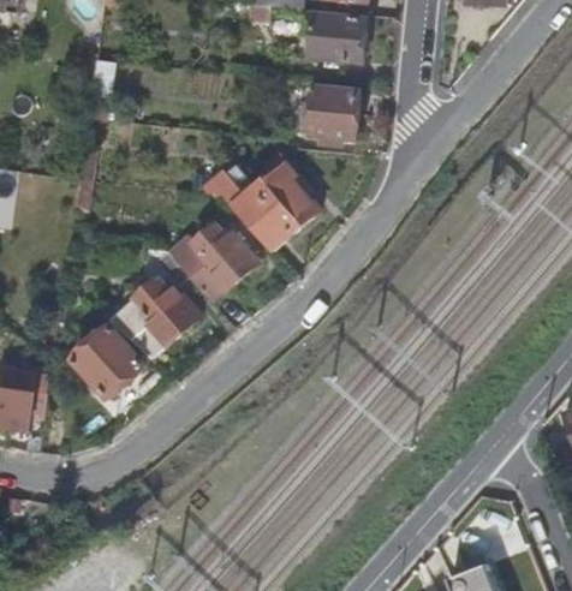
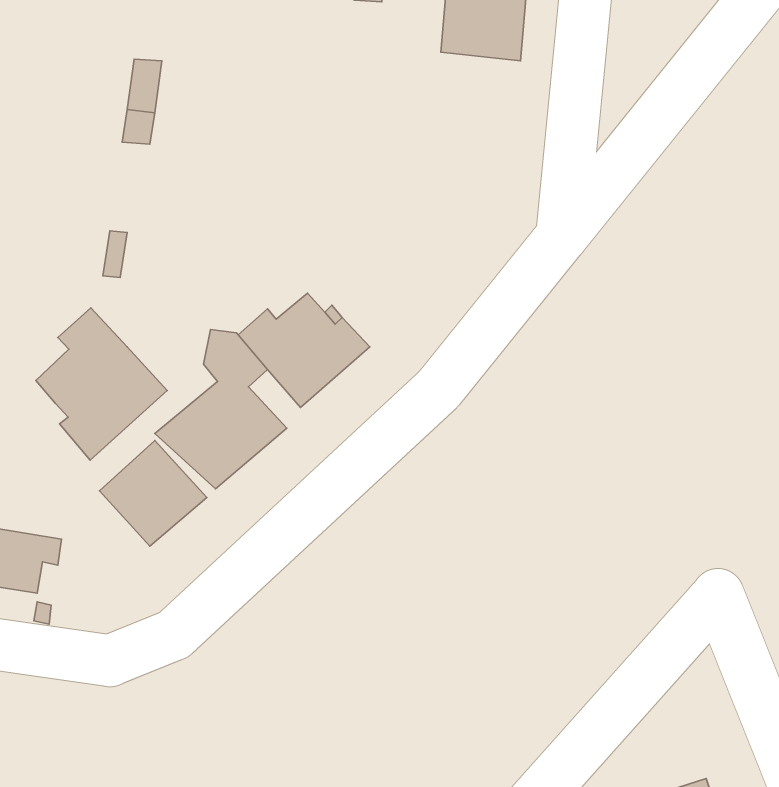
building: [308,86,358,144] -> none
building: [205,153,321,251] -> none
building: none -> [36,308,167,460]

